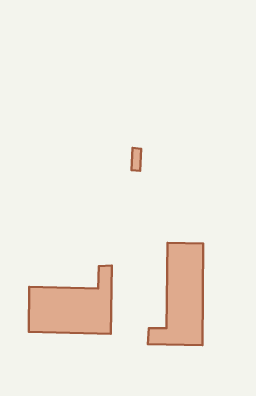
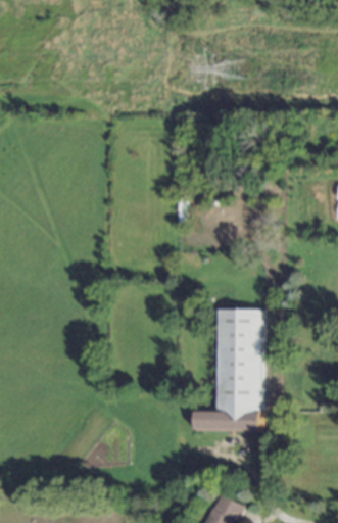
building: [29,266,112,334] -> none

